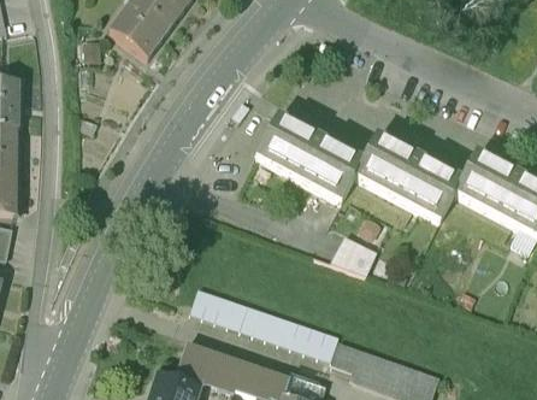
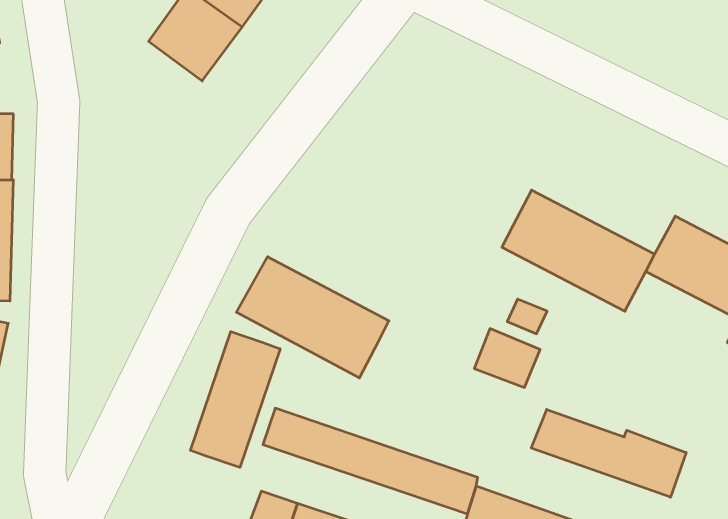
building: [255,117,361,201] -> [236,257,389,378]
building: none -> [190,332,280,467]
building: none -> [531,409,686,497]

